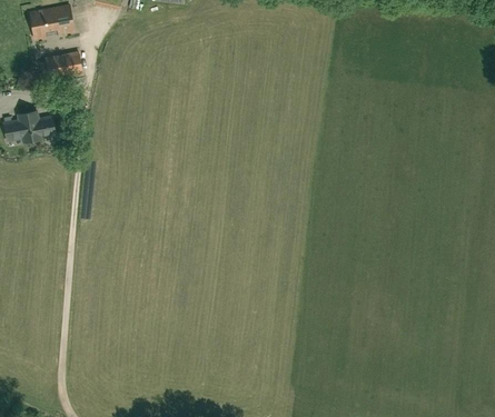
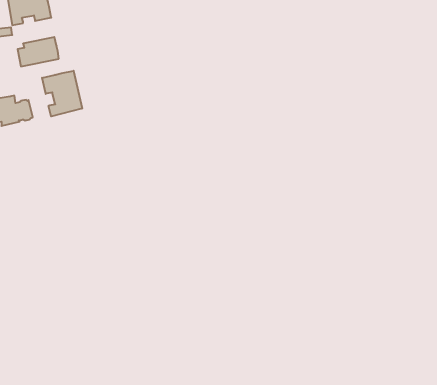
building: none -> [42,71,82,116]

